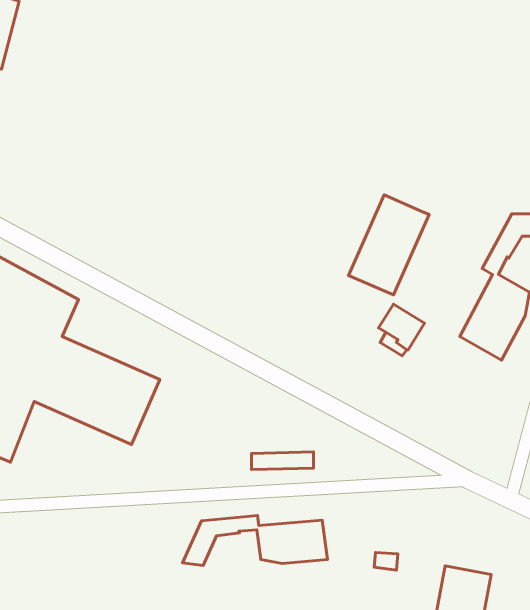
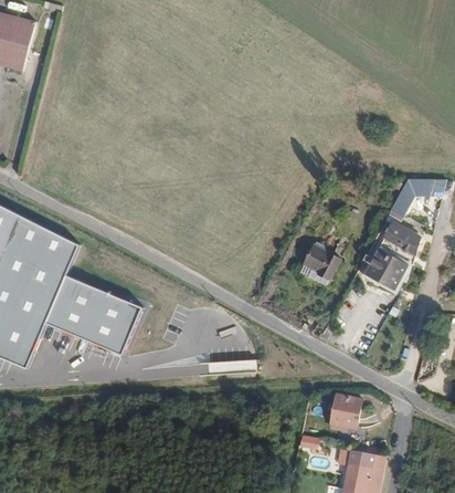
building: [349,195,429,295] -> none
building: none -> [336,392,363,426]
building: [182,516,328,565] -> none

